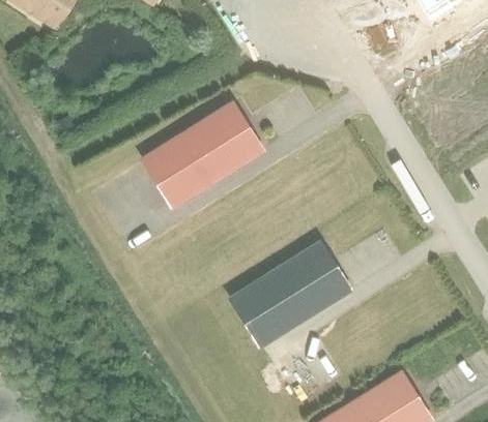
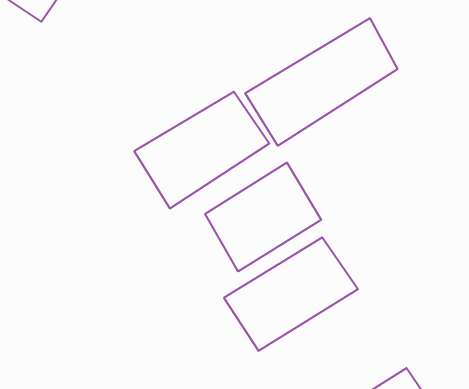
building: none -> [245,18,397,146]
building: none -> [205,163,321,271]

